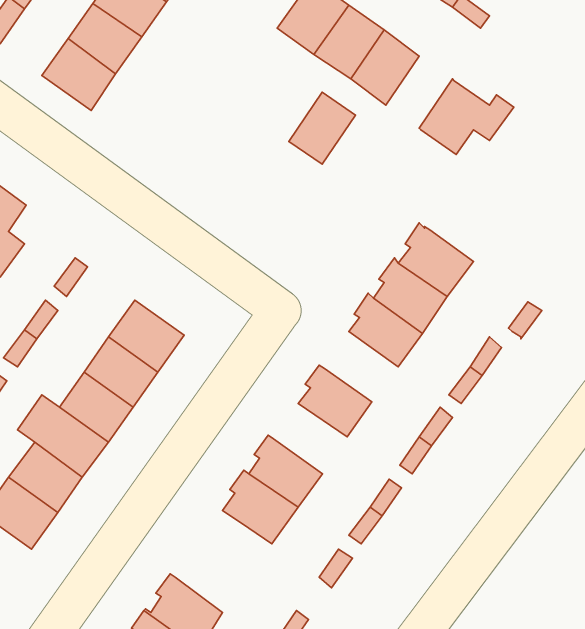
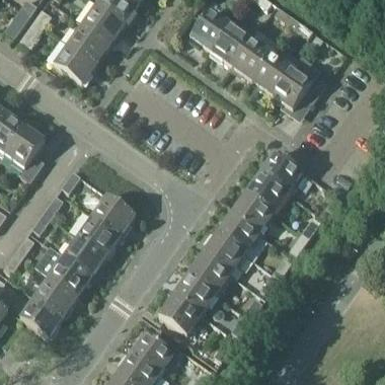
building: [289,92,356,164] -> [253,53,292,94]
building: none -> [218,210,260,252]
building: none -> [188,251,231,294]
building: none -> [132,331,174,374]

